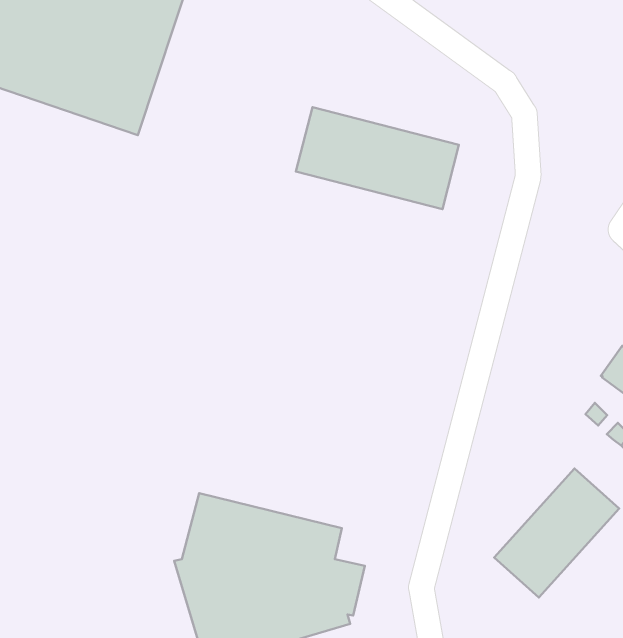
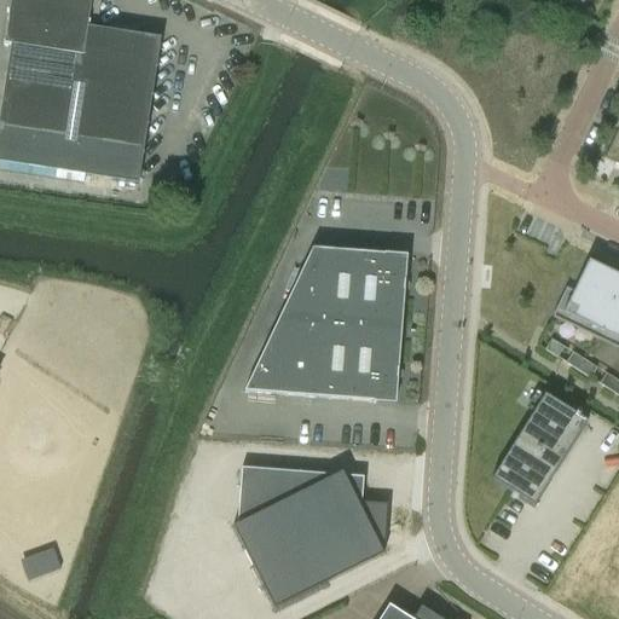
building: [296,107,459,209] -> none
building: none -> [245,245,407,400]

